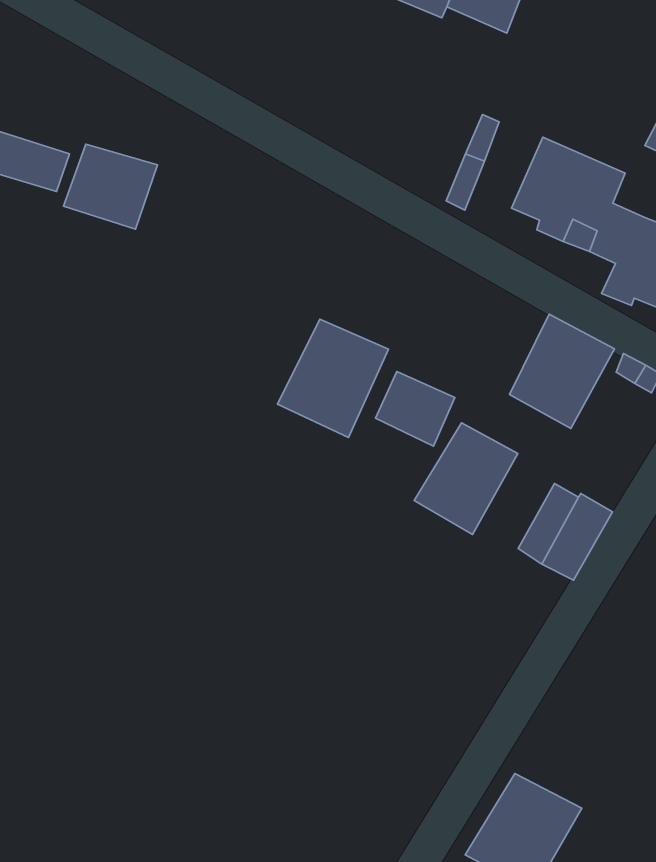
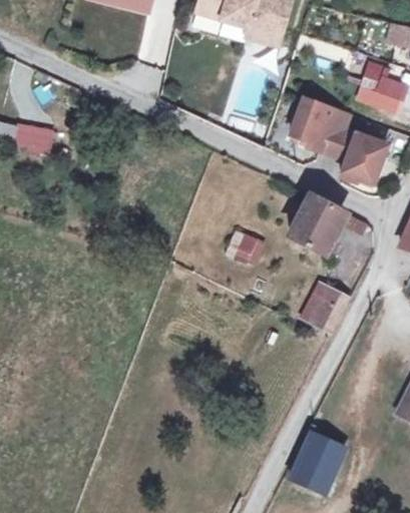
building: [64,144,158,229] -> none
building: [277,319,388,437] -> none
building: [414,423,518,534] -> none

